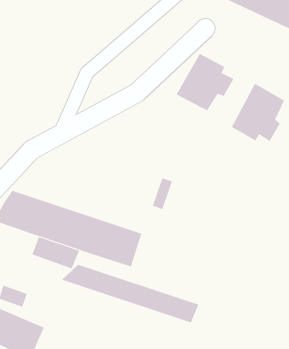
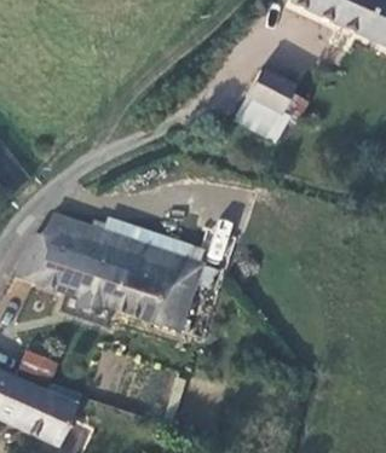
building: [231,83,285,142] -> none
building: [61,264,199,323] -> [38,216,207,289]

